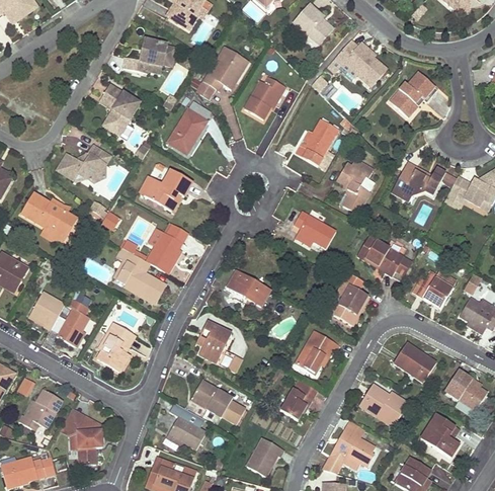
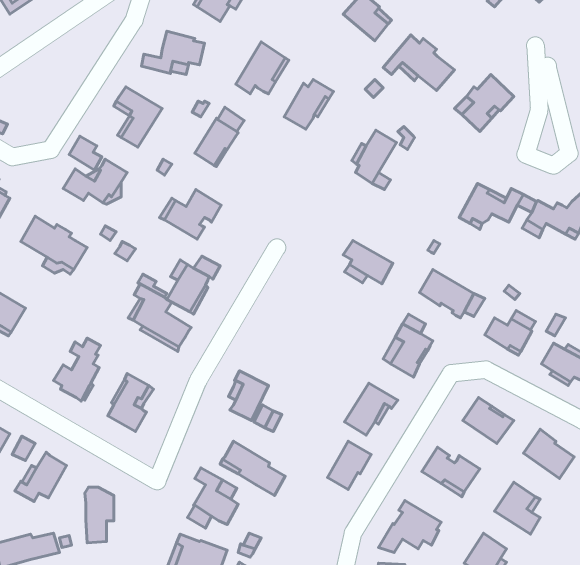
building: [337,158,373,213] -> none
building: [227,269,270,307] -> none
building: [30,292,65,330] -> none
building: [247,437,283,476] -> none

